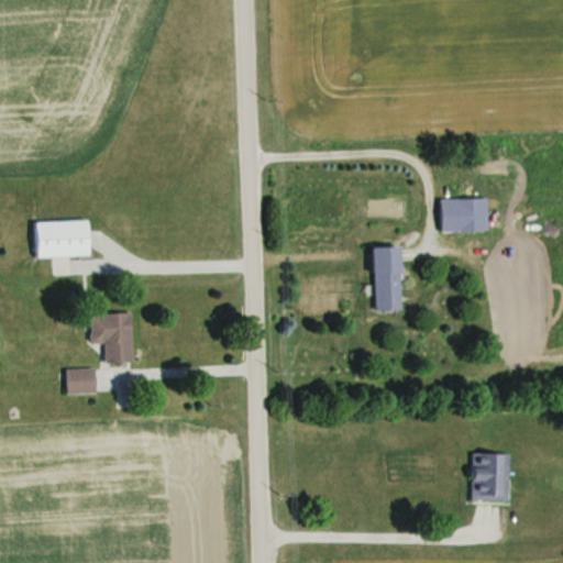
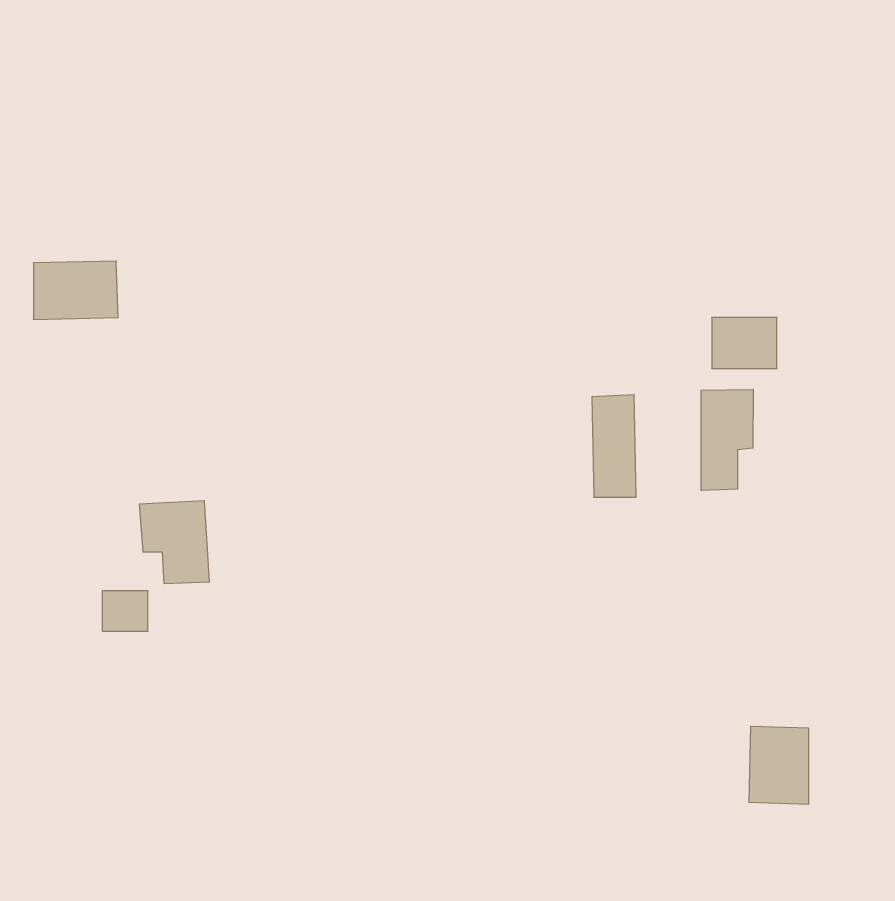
building: [36,221,89,257] -> [33,261,118,319]
building: none -> [701,389,753,491]

